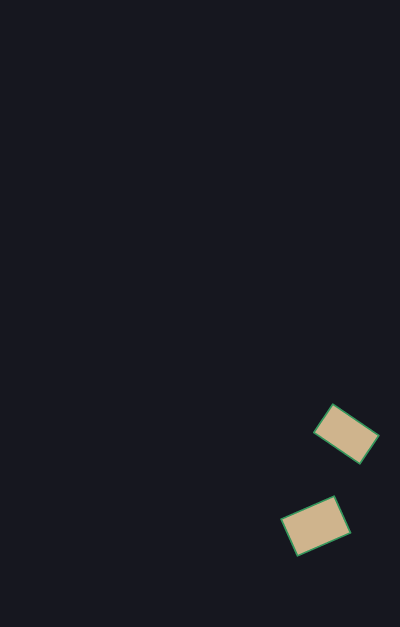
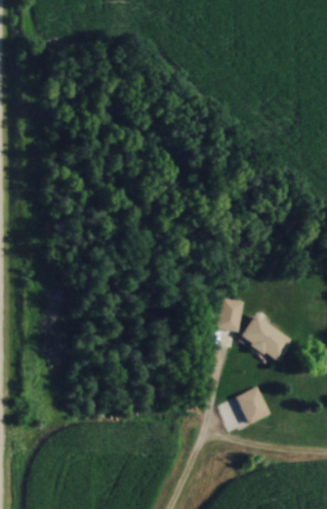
building: none -> [216,298,241,329]

